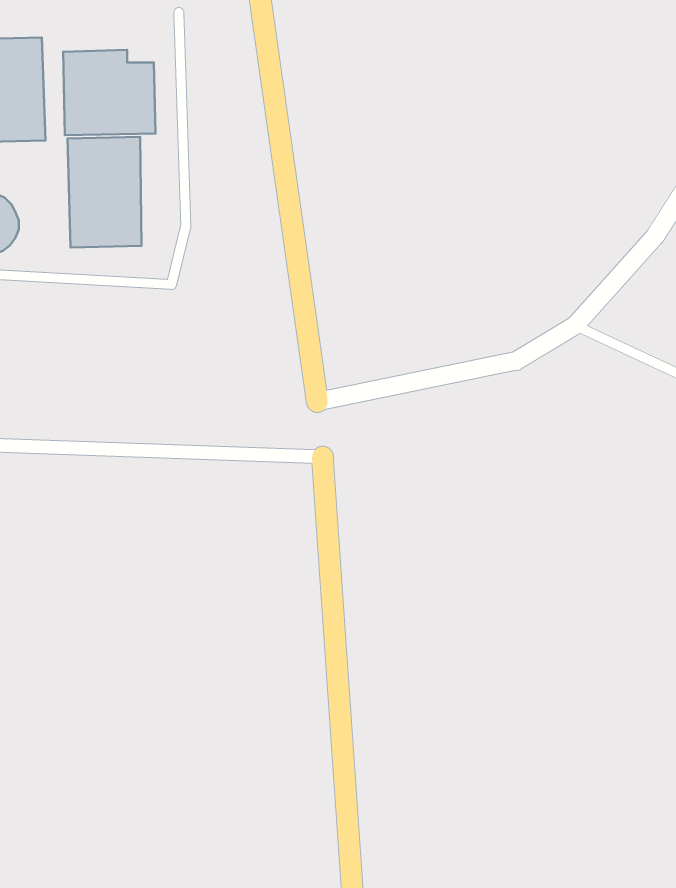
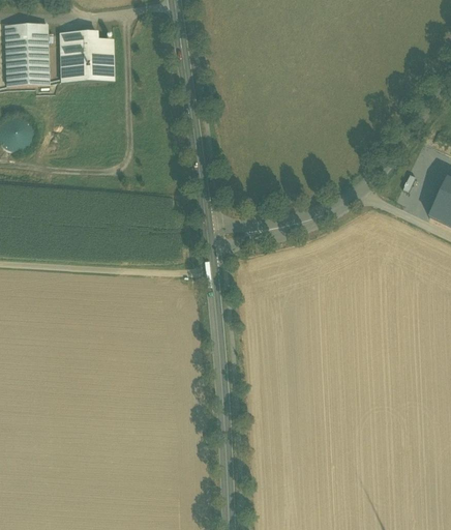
building: [67,137,141,247] -> none

